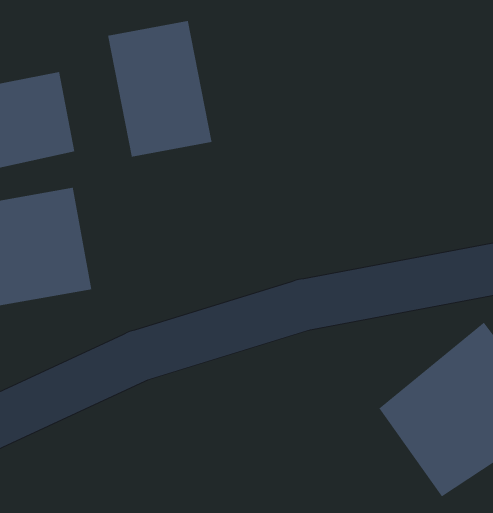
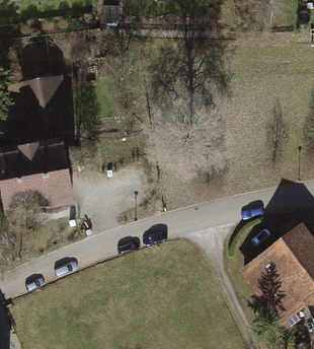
building: [107,20,212,158] -> none

